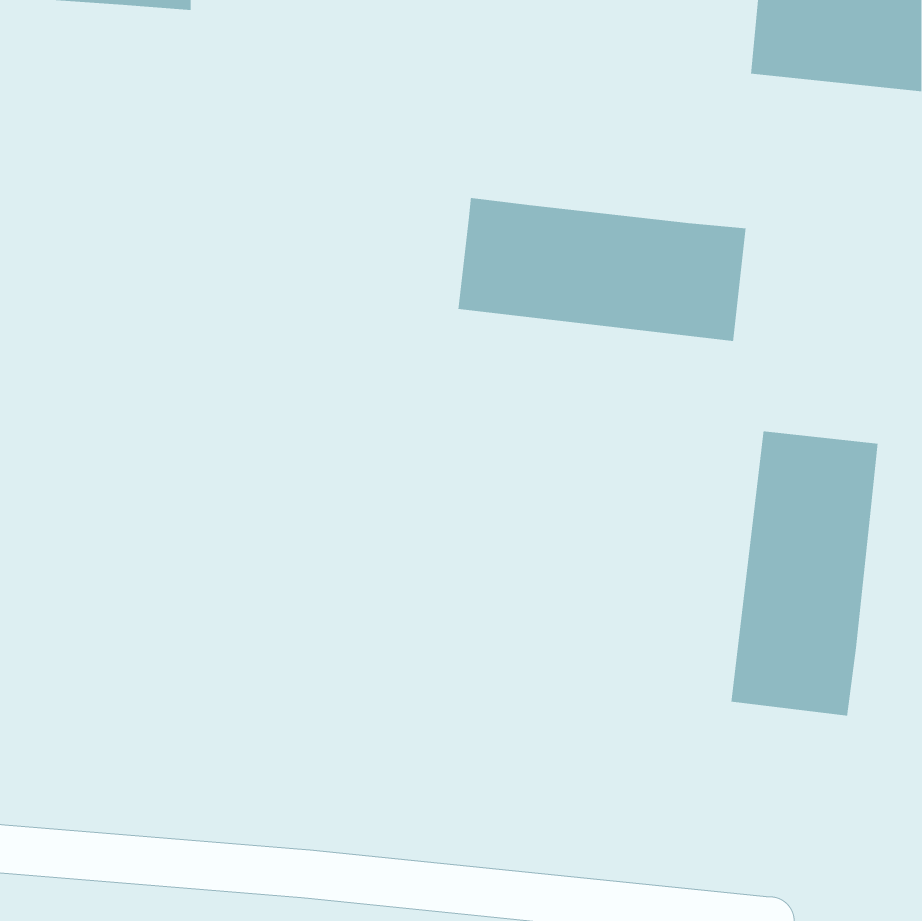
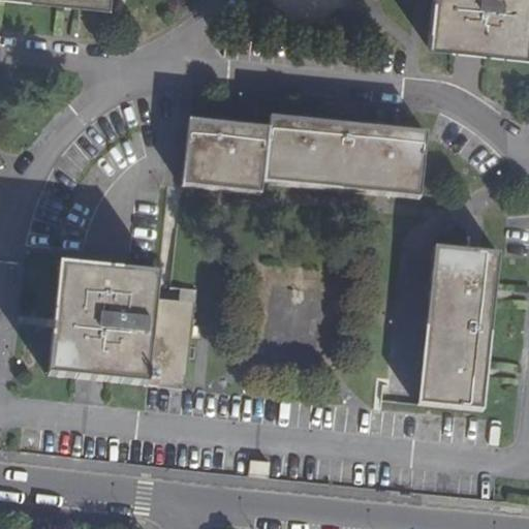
building: none -> [181,115,268,188]
building: none -> [48,262,160,383]

